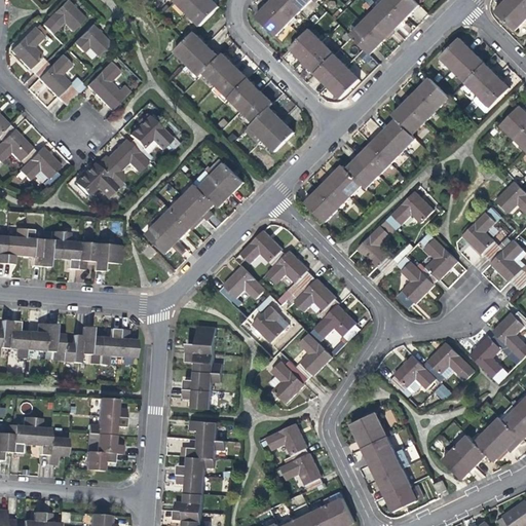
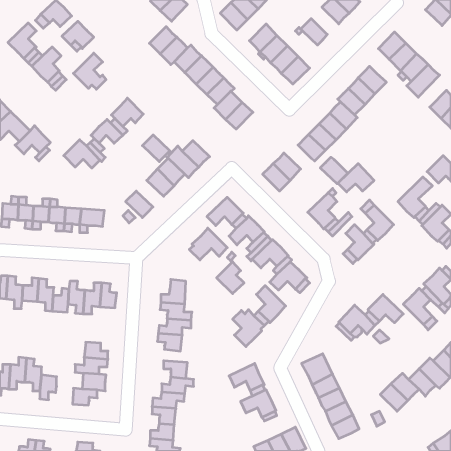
building: [362,8,393,40] -> none
building: [330,165,362,196] -> [320,157,348,184]
building: [158,210,190,240] -> [142,135,170,162]

